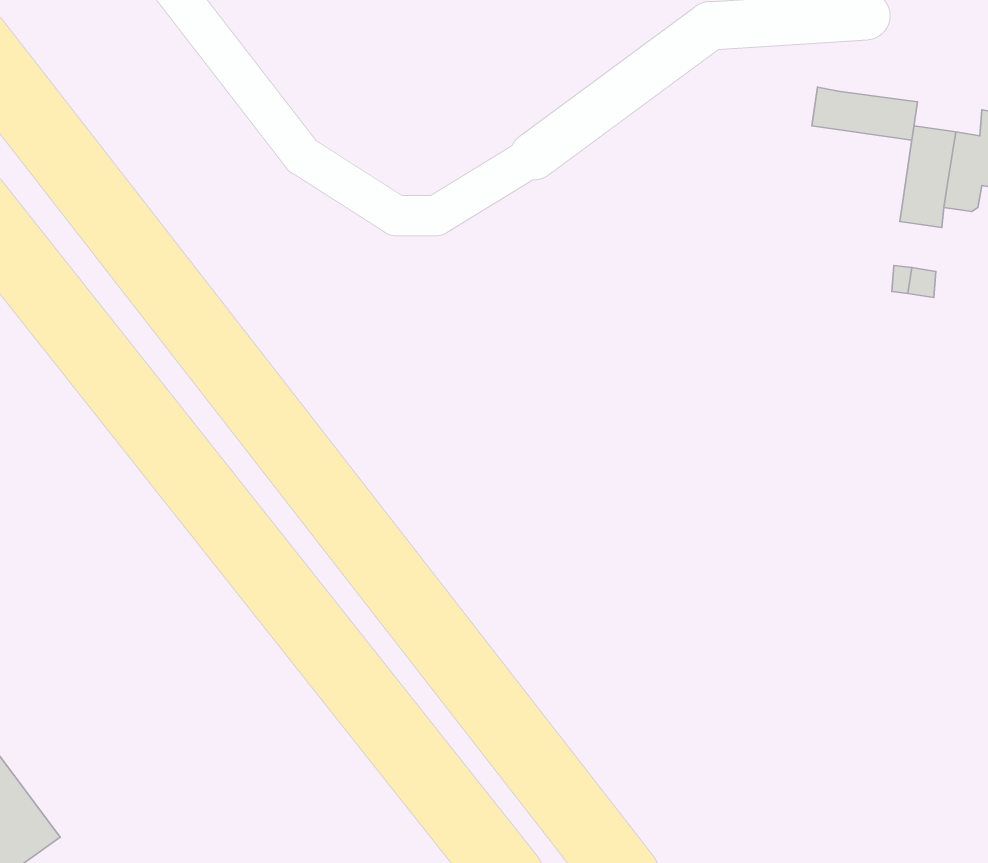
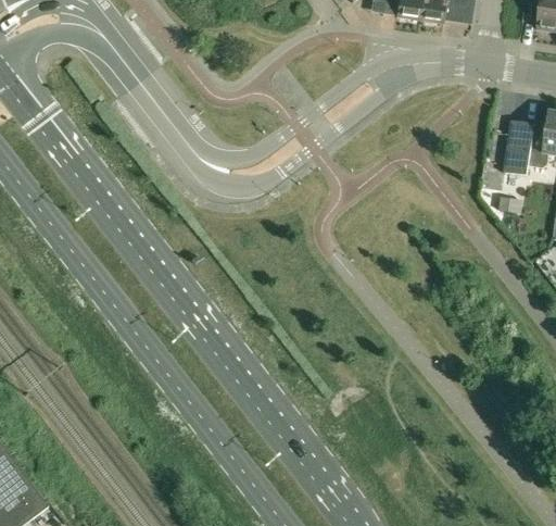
building: [812,87,918,140] -> none

